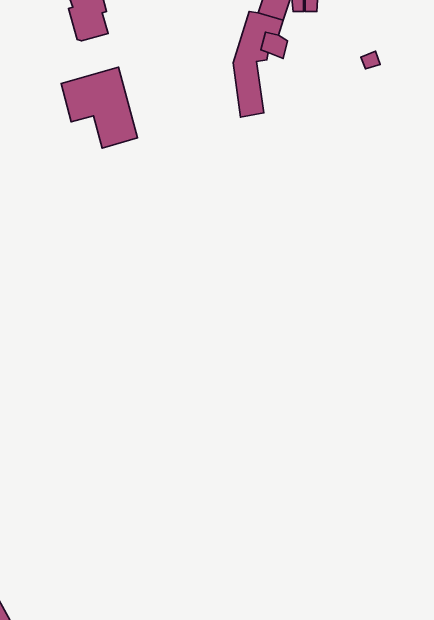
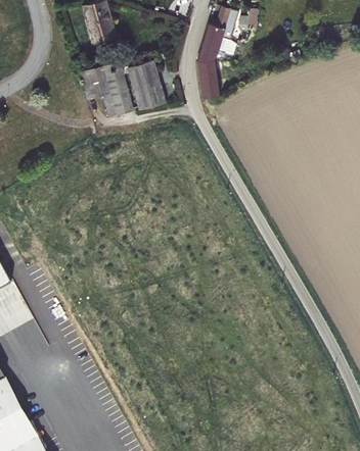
building: none -> [127,61,166,110]

